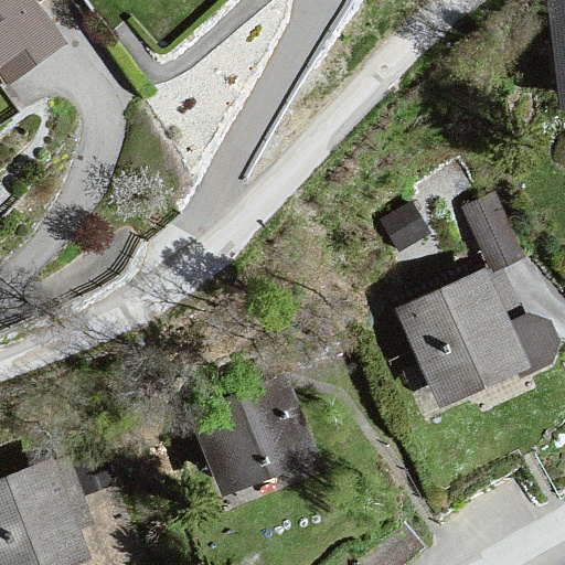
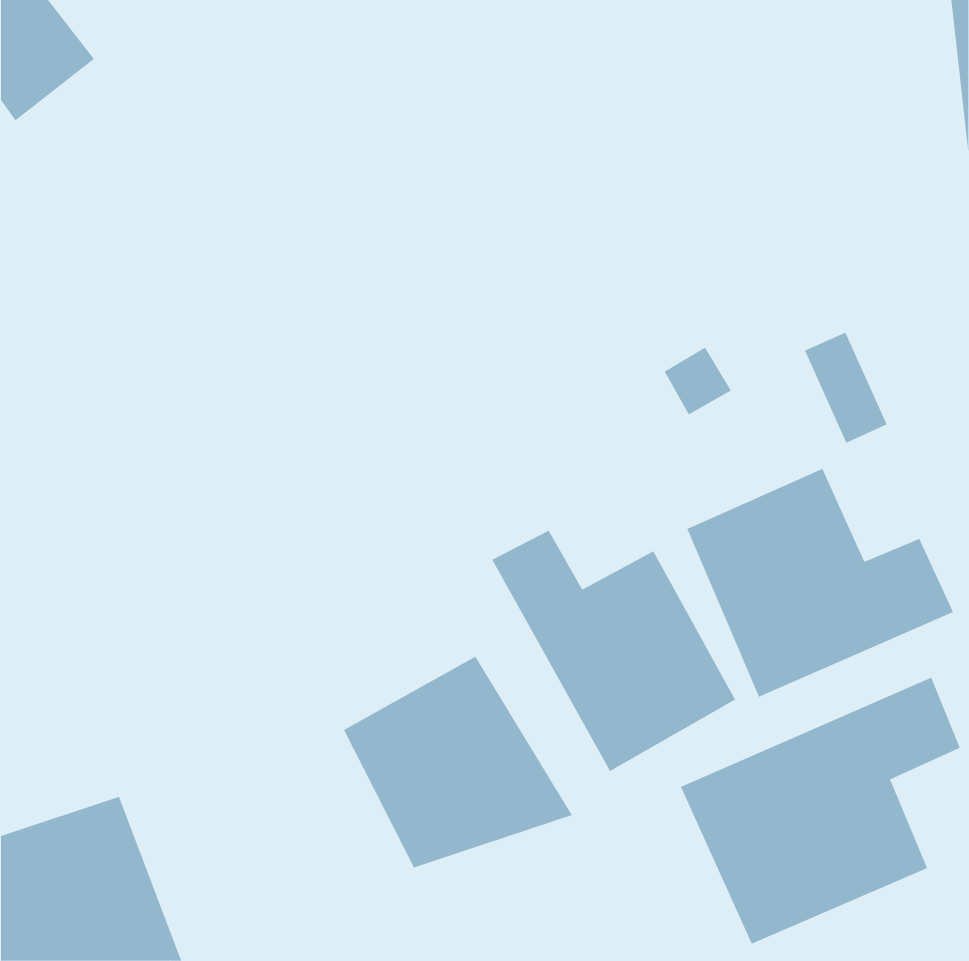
building: none -> [491,530,736,772]
building: none -> [680,677,960,945]

